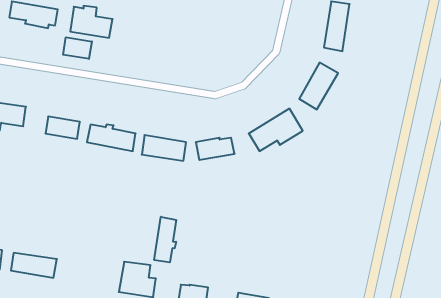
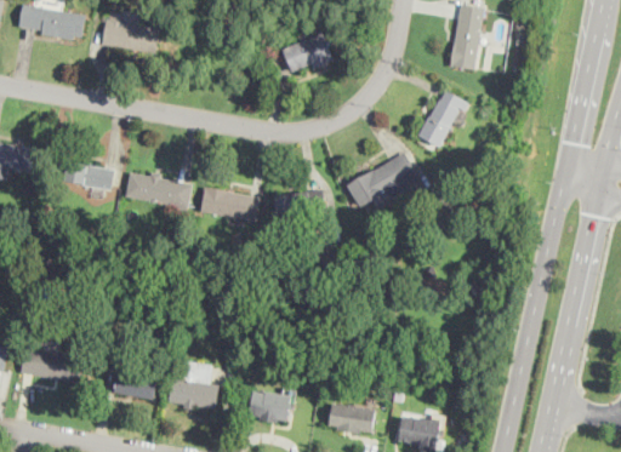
building: none -> [281,33,334,76]
building: [63,37,92,59] -> none
building: [154,217,176,262] -> none
building: none -> [112,368,156,401]

